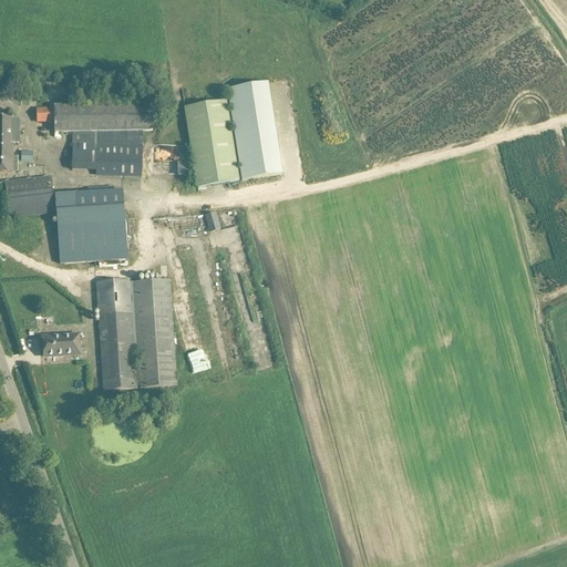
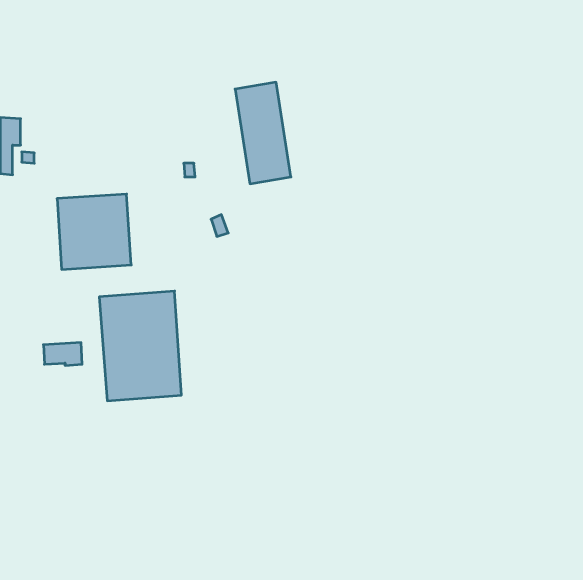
building: [183,99,239,184] -> none
building: [35,101,152,175] -> none
building: [6,175,54,215] -> none

